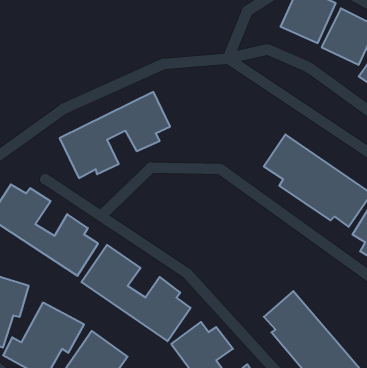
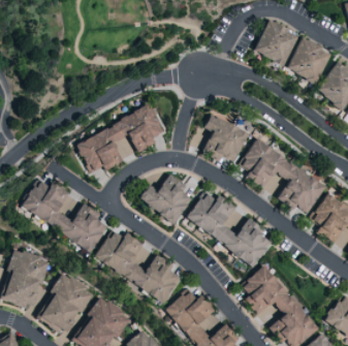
building: none -> [196,114,250,161]
building: none -> [139,172,194,224]
building: none -> [187,191,273,266]

